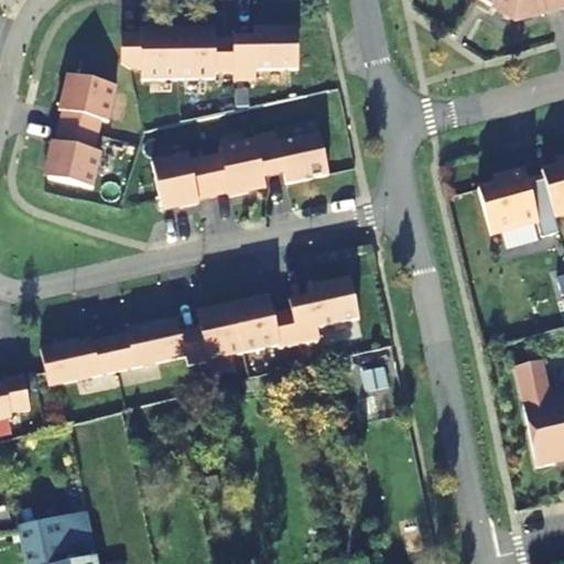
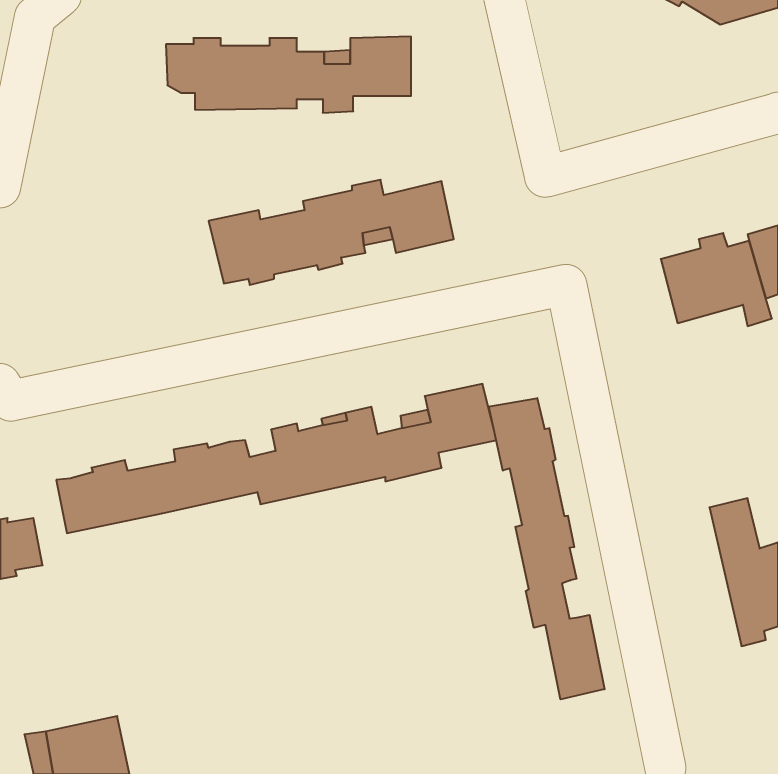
building: [47,74,117,187] -> none
building: none -> [489,398,605,699]

